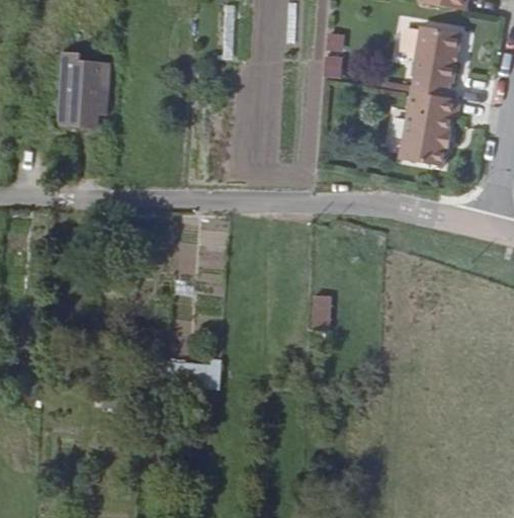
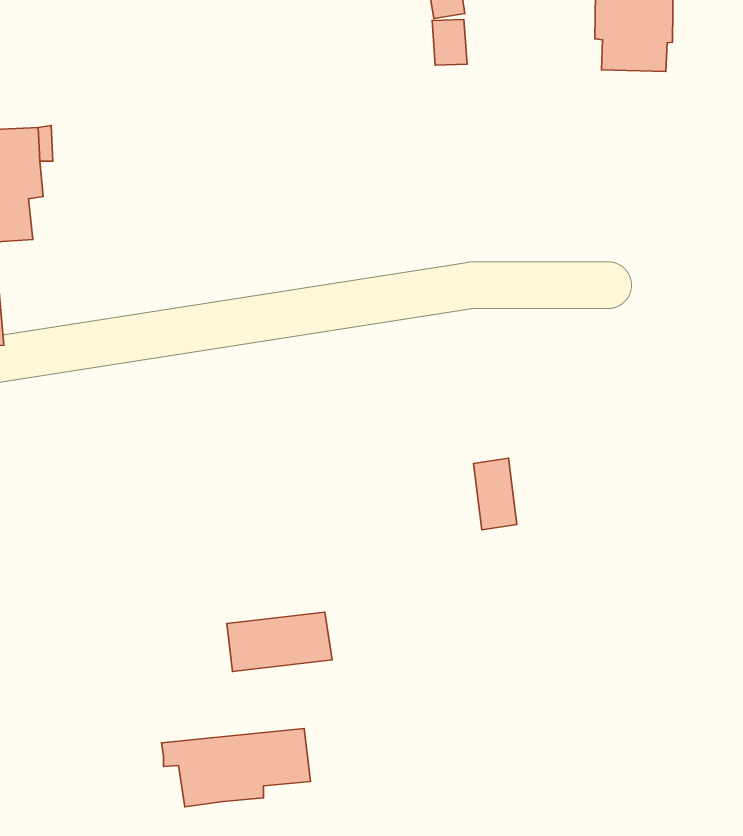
building: [402,87,460,162] -> none
building: none -> [161,729,310,807]

